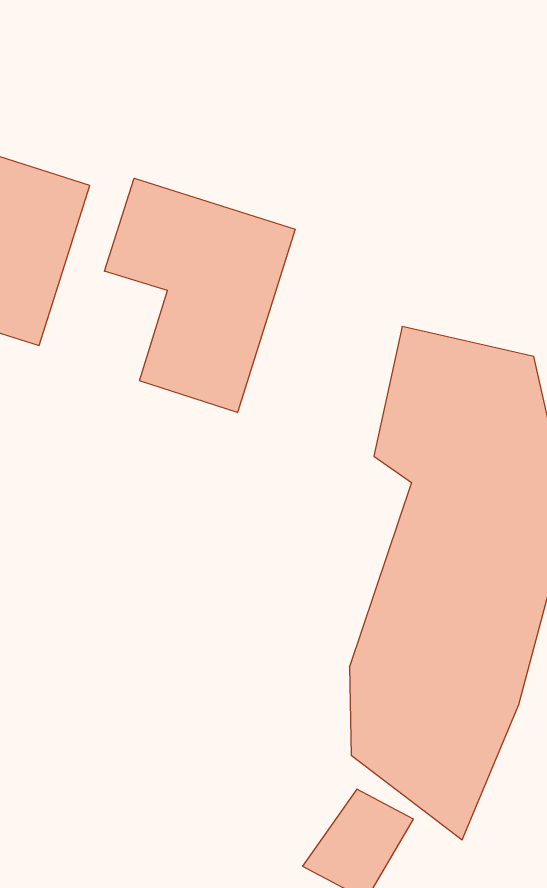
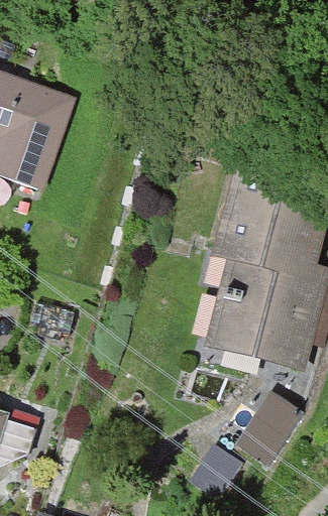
building: [104,178,295,413] -> none

